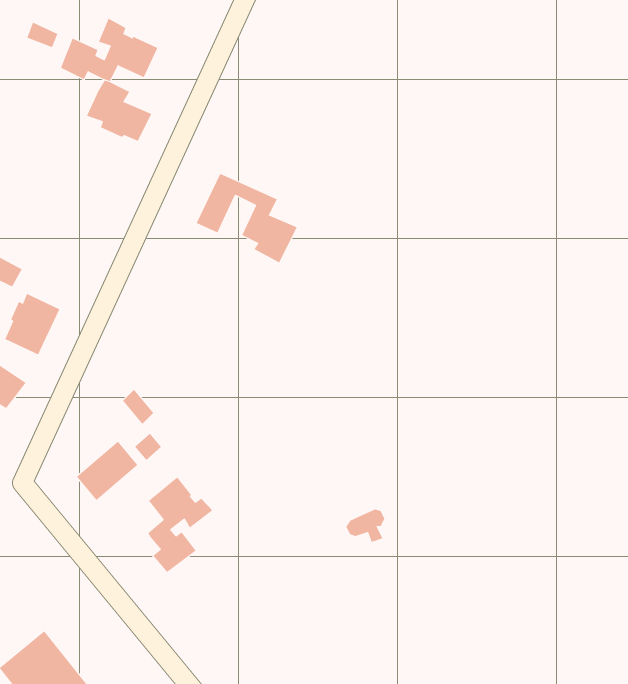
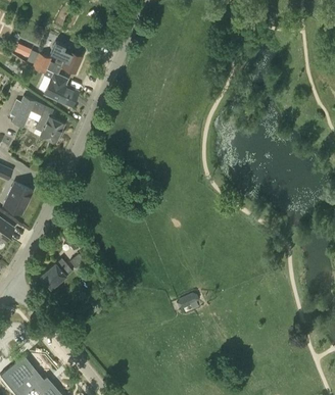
building: [196,173,297,263] -> [12,96,64,142]
building: [148,476,213,573] -> none

